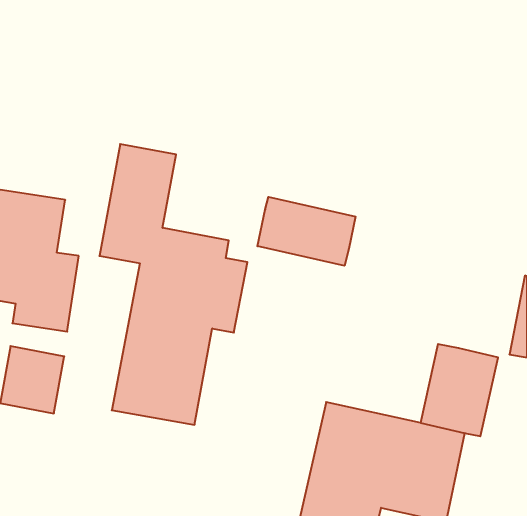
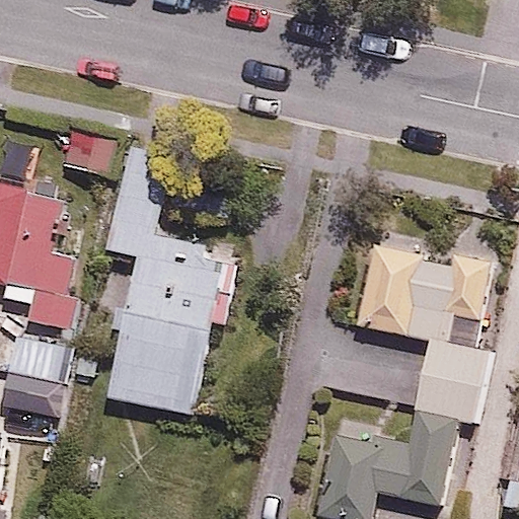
building: [257,197,356,266] -> none
building: none -> [347,241,495,354]

